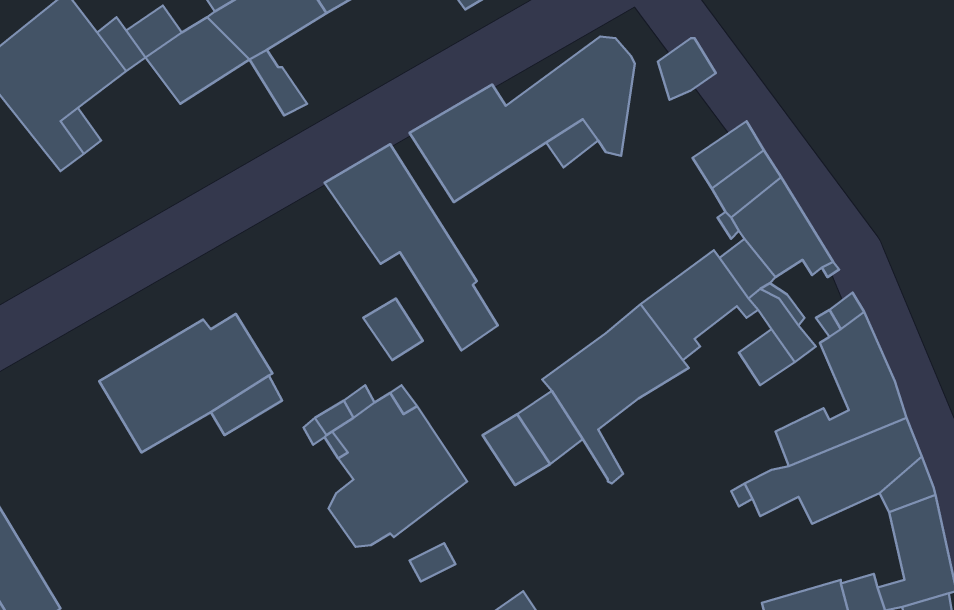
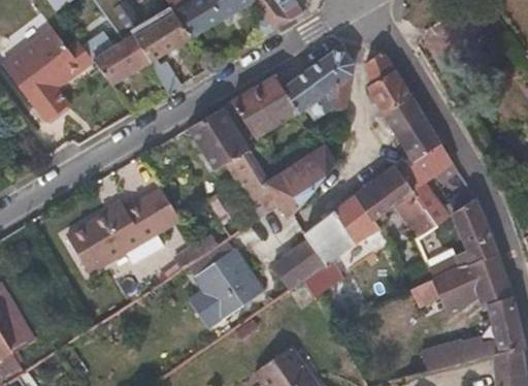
building: none -> [368,69,412,115]
building: none -> [266,144,339,219]
building: none -> [139,186,180,230]

